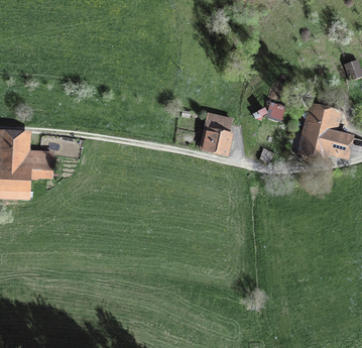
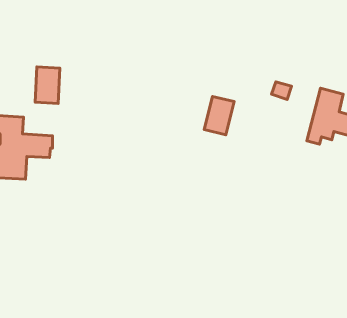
building: none -> [35,67,60,103]

